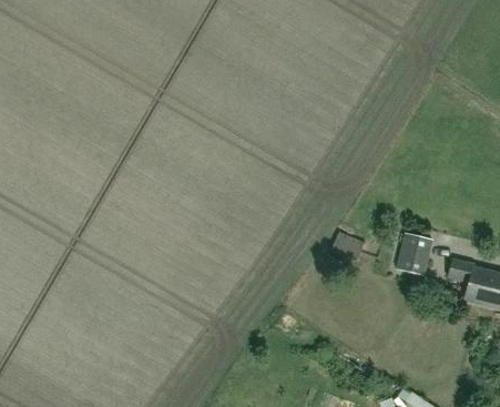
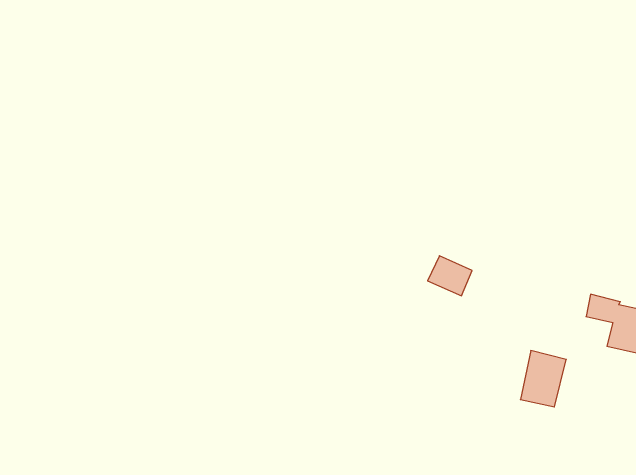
building: [397,232,431,274] -> [520,351,566,407]

